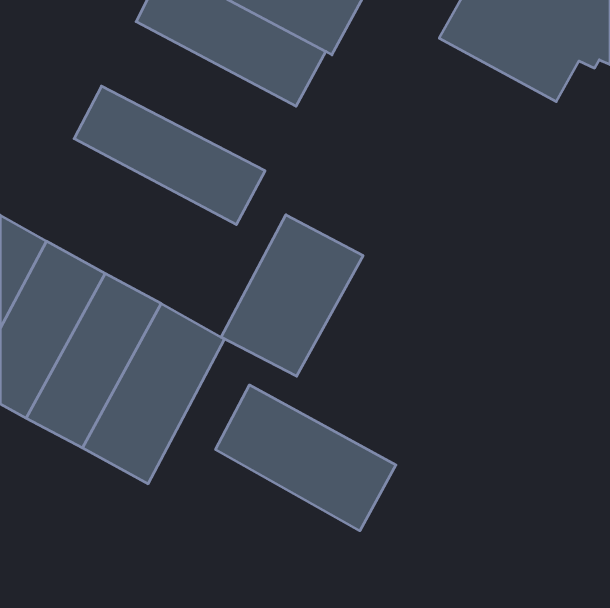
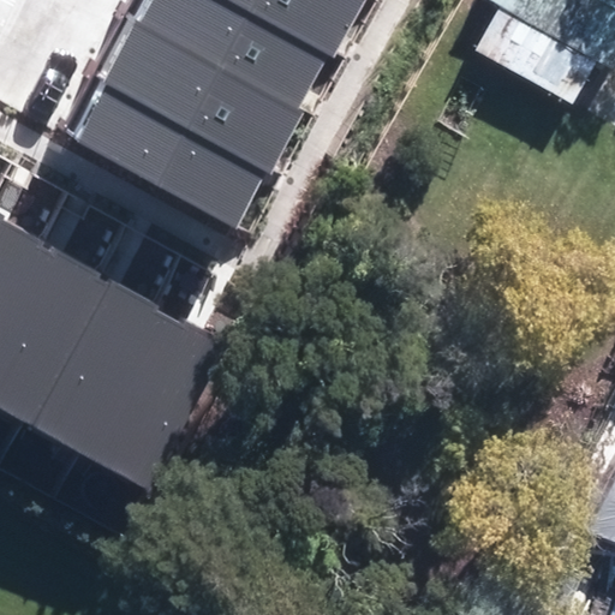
building: none -> [102,22,300,172]
building: [221,215,363,376] -> none
building: [216,385,396,531] -> none

